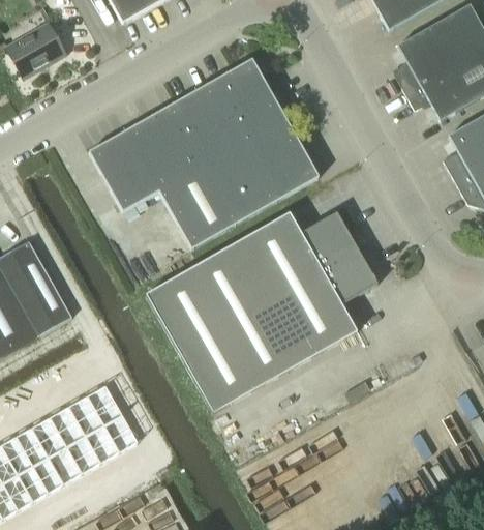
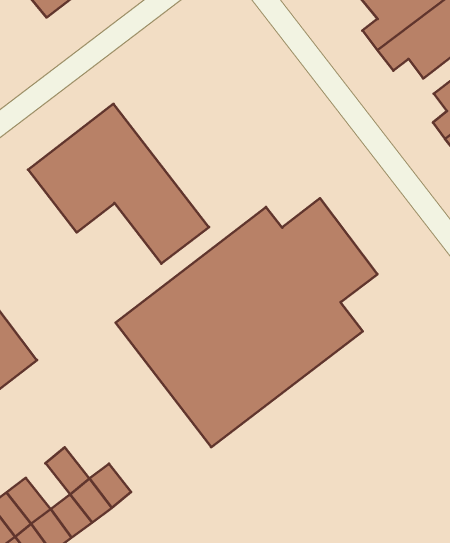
building: [171,57,320,222] -> none
building: [87,384,123,424] -> none
building: [50,406,86,446] -> none

